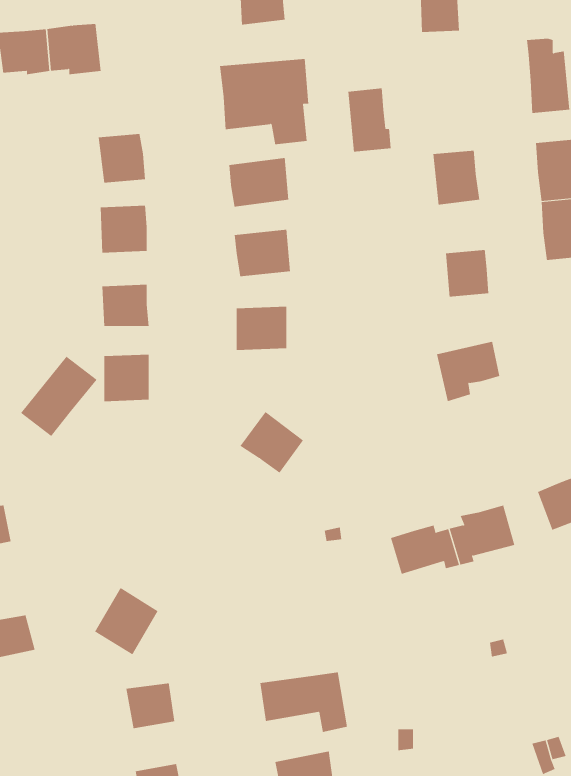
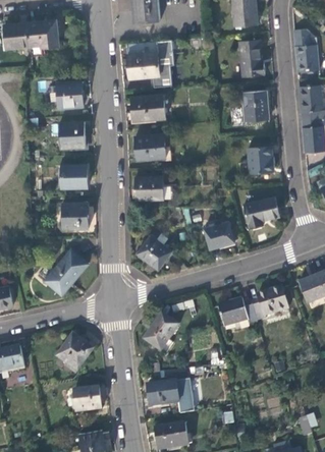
building: [348,88,392,152] -> [239,41,264,76]
building: [20,356,97,437] -> [43,250,86,295]
building: none -> [204,221,234,248]
building: none -> [144,316,179,353]

